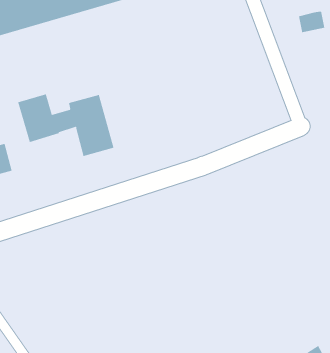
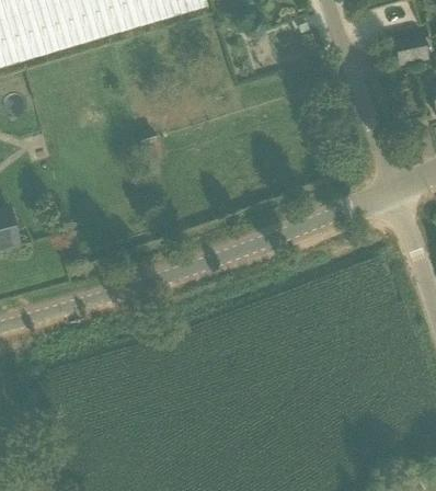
building: [17,93,114,157] -> none

